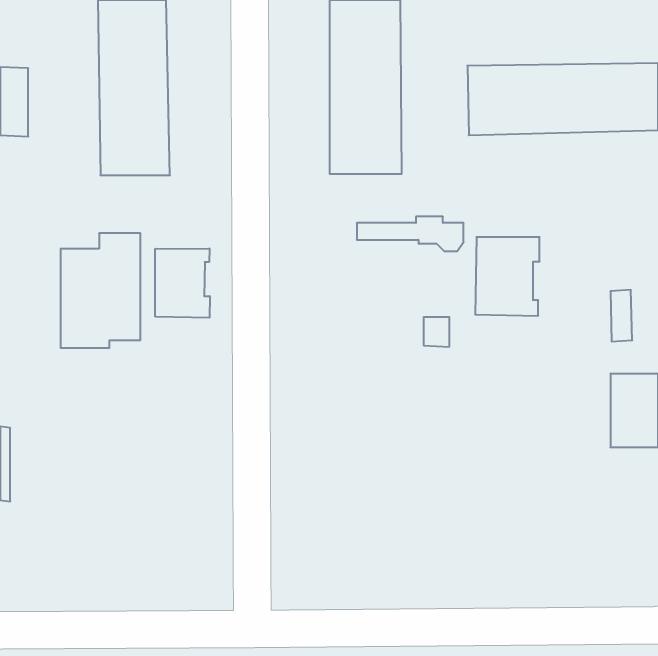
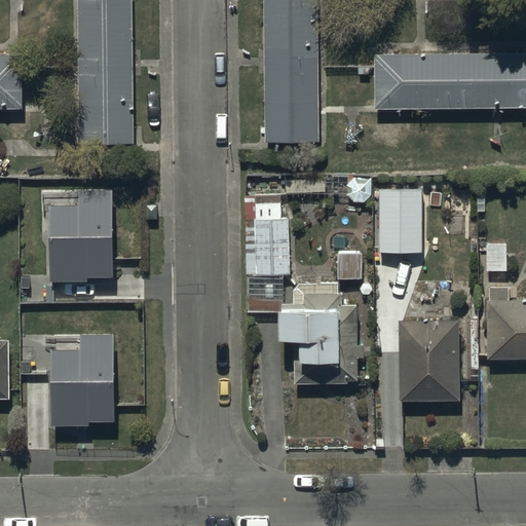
building: none -> [246,198,358,384]
building: [155,248,210,318] -> none
building: none -> [400,321,460,402]
building: none -> [51,332,115,423]

